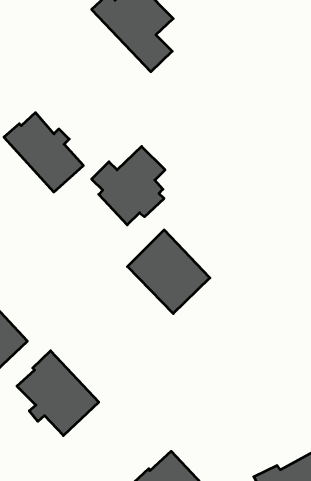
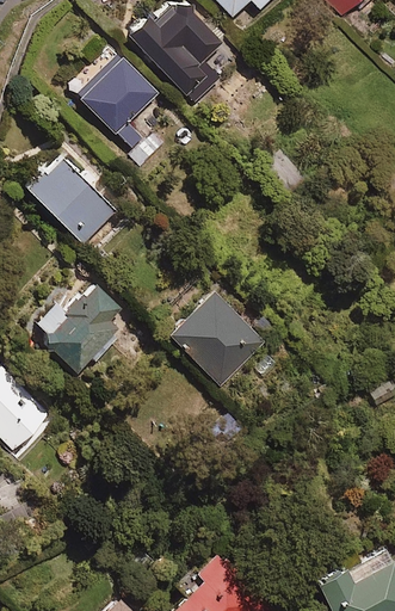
building: none -> [76,54,163,153]
building: [92,146,165,225] -> [36,280,122,372]
building: [17,351,99,436] -> none

